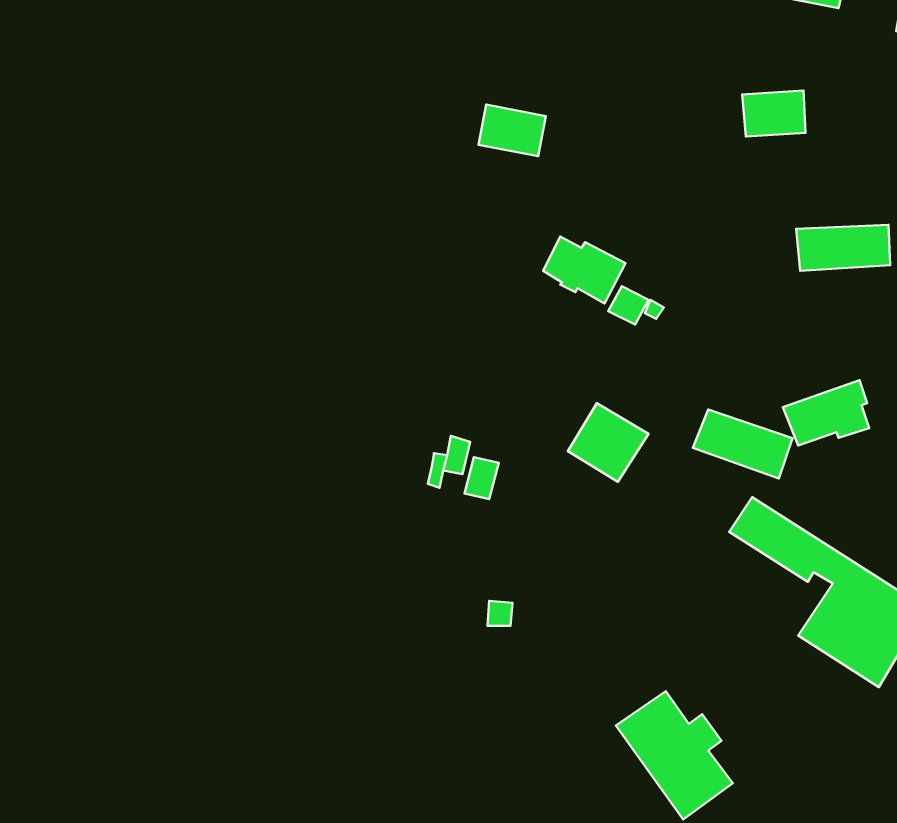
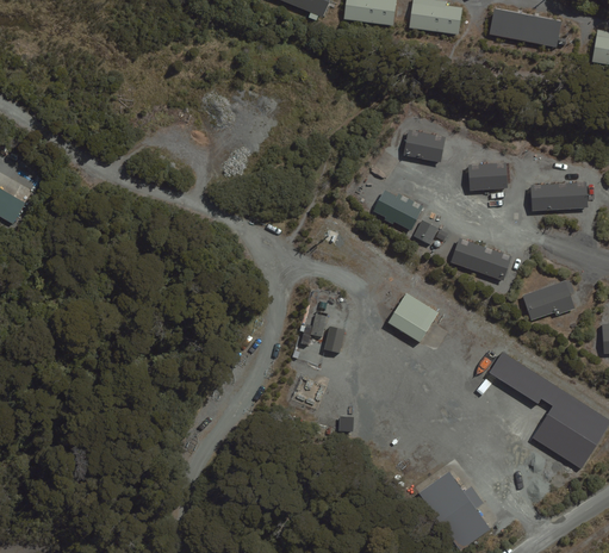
building: [742,91,805,137] -> [468,161,508,189]
building: [479,104,546,156] -> [404,129,446,161]
building: [693,410,792,479] -> [450,237,512,280]

